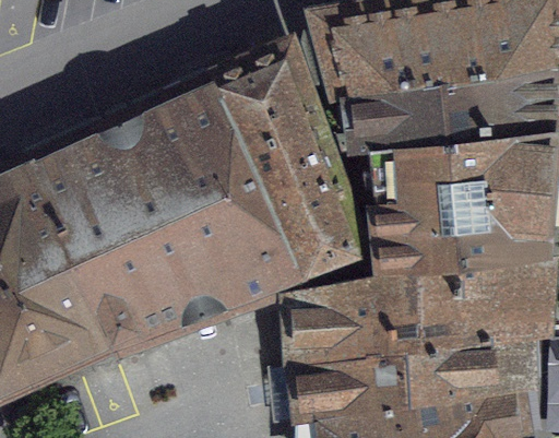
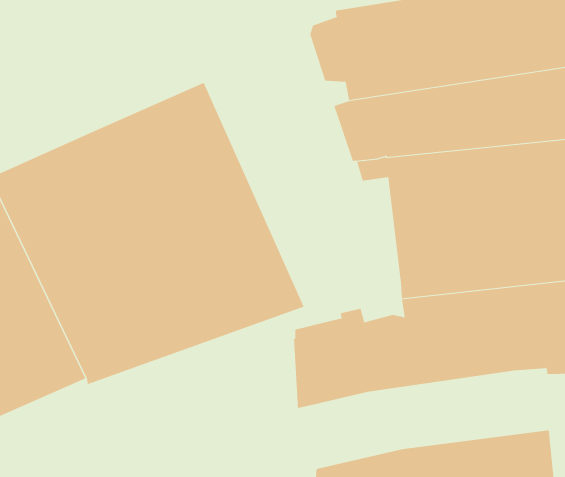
building: [214,51,362,280] -> none
building: [286,333,519,423] -> none

